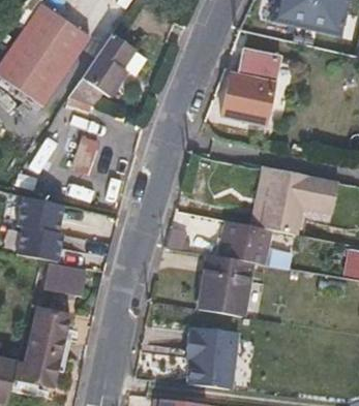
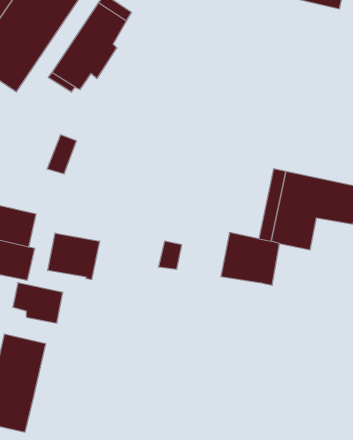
building: [221,48,278,123] -> none
building: none -> [48,233,99,280]
building: [199,255,253,317] -> none
building: [186,327,240,388] -> none

